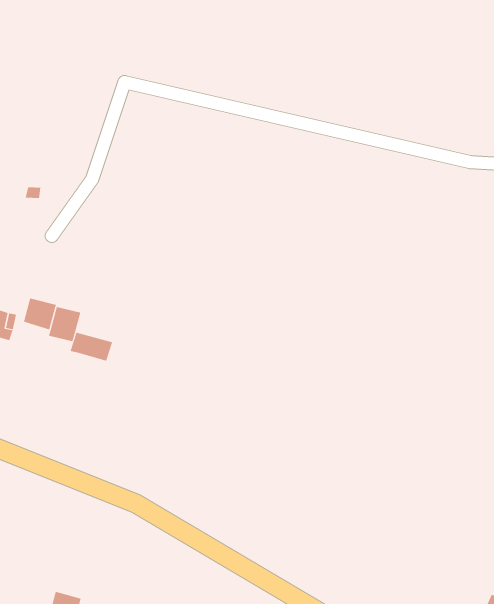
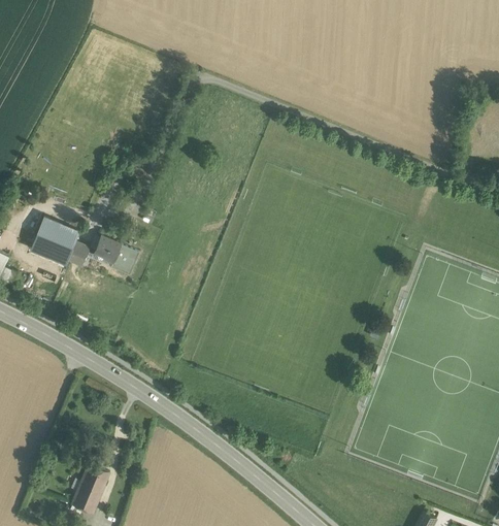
building: [70,332,113,362] -> none

